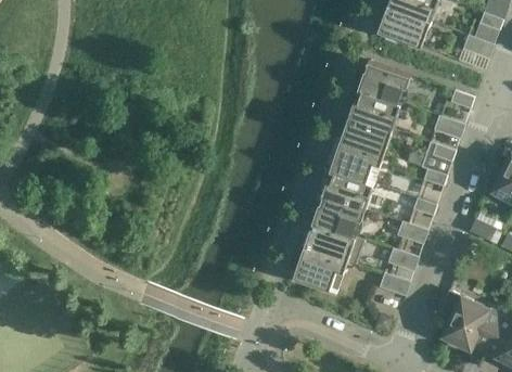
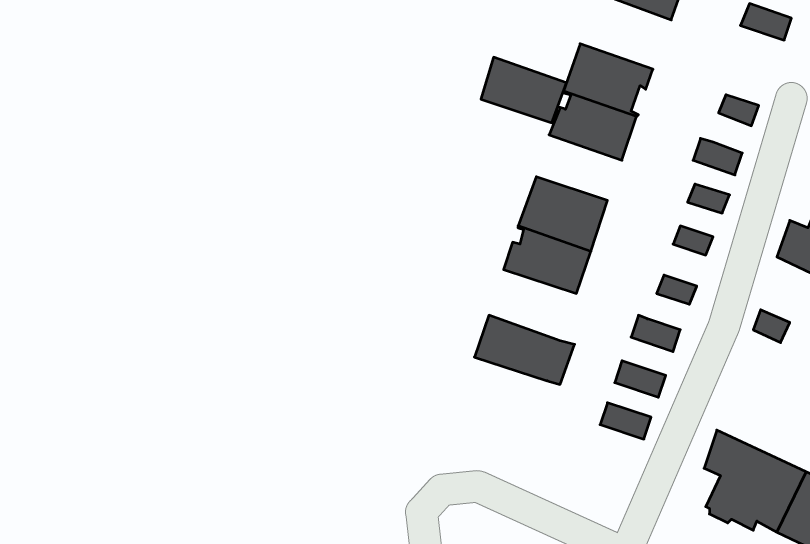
building: [342,115,393,154] -> [481,57,567,123]
building: [313,195,366,238] -> none
building: [294,247,348,290] -> none

